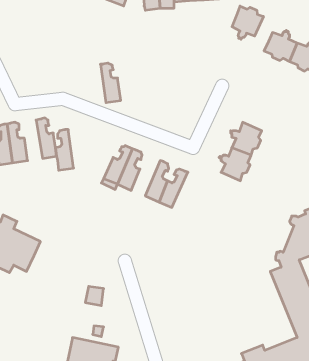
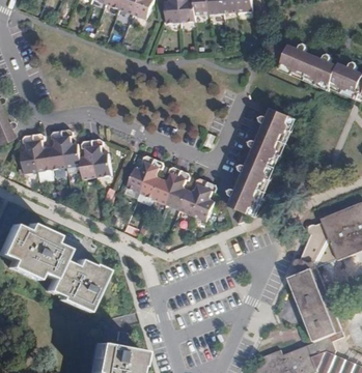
building: [232,6,263,39] -> none
building: [100,63,121,103] -> [92,139,112,177]
building: none -> [260,109,290,141]
building: none -> [50,131,67,170]
building: none -> [154,167,182,204]
building: none -> [193,181,217,222]
building: none -> [229,181,259,214]
building: none -> [46,259,105,311]

